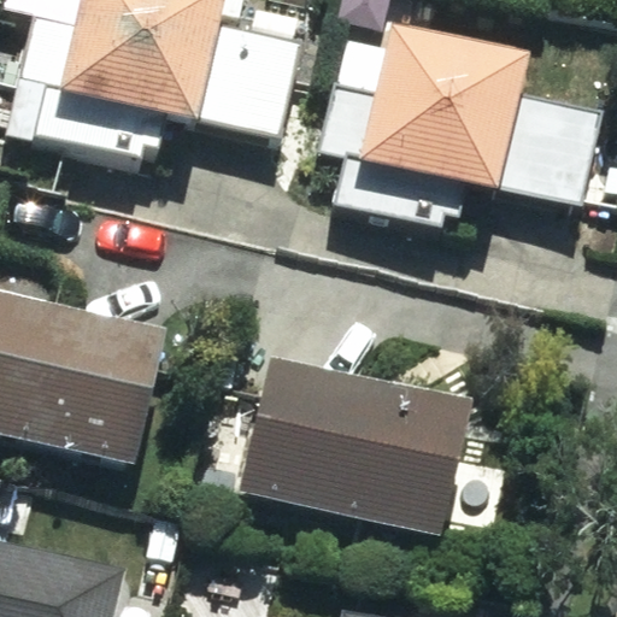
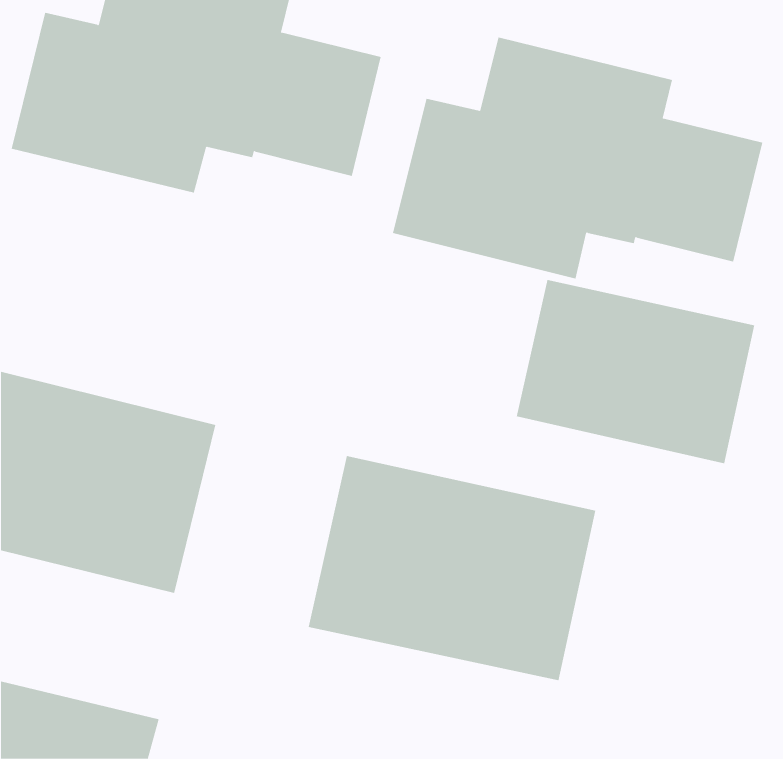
building: none -> [516,279,755,464]

